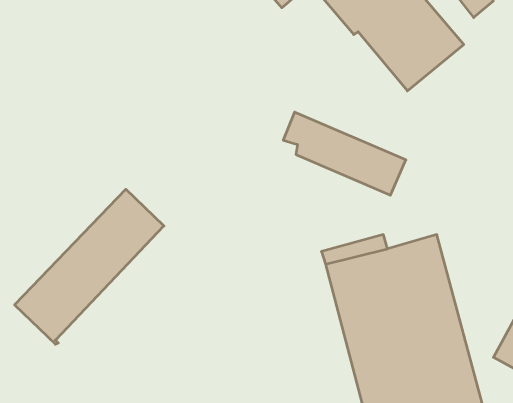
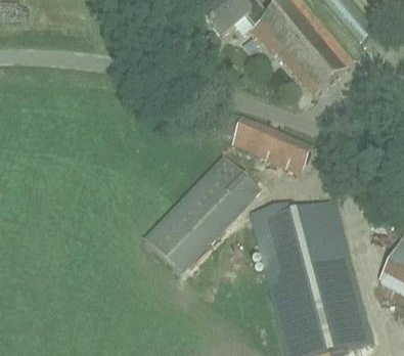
building: [15,189,164,344] -> [144,155,253,268]

